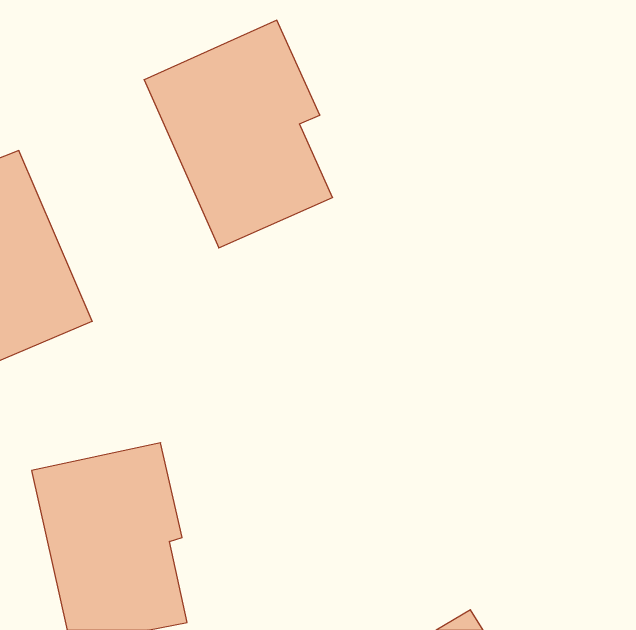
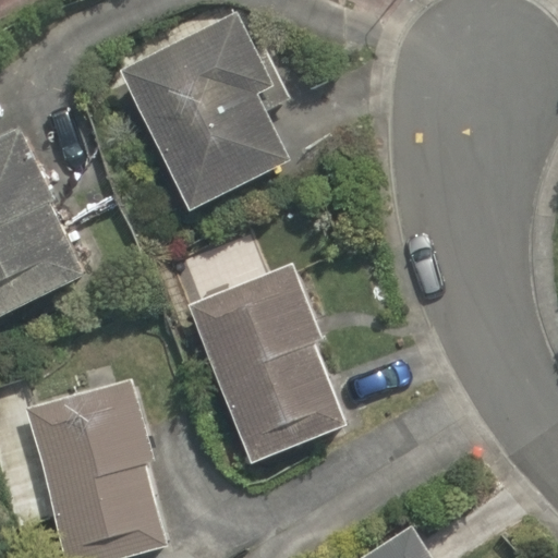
building: none -> [193,269,347,460]

